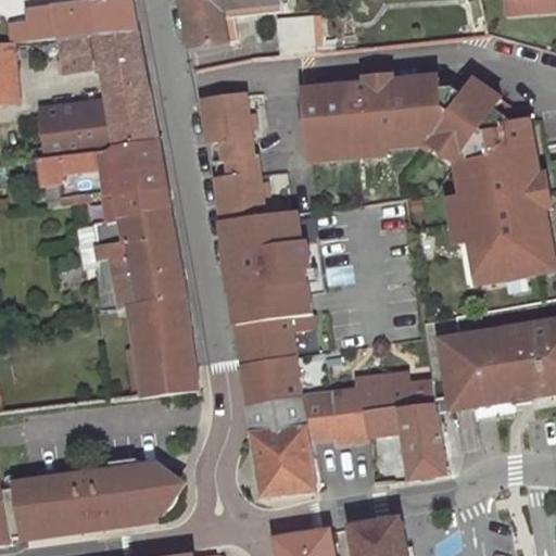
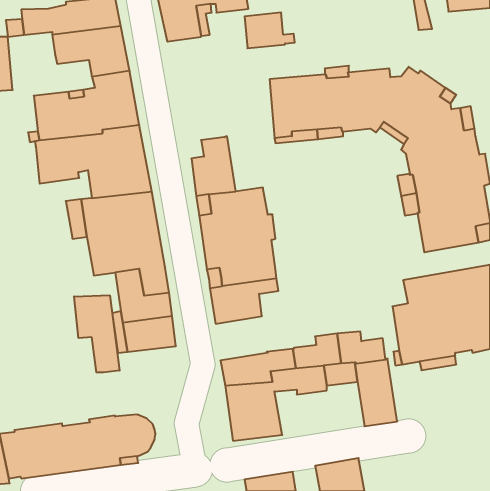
building: [201,93,252,159] -> none
building: none -> [74,295,120,372]
building: [242,355,301,405] -> none

